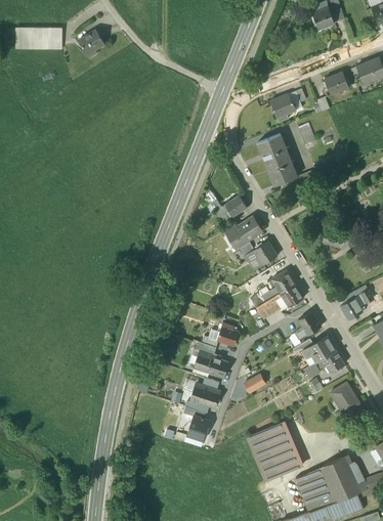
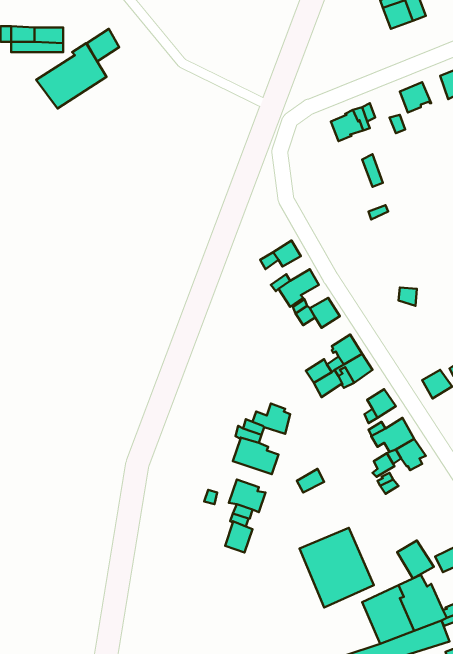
building: none -> [36,43,106,109]
building: [258,134,297,185] -> none
building: [331,383,359,413] -> [397,541,434,578]

